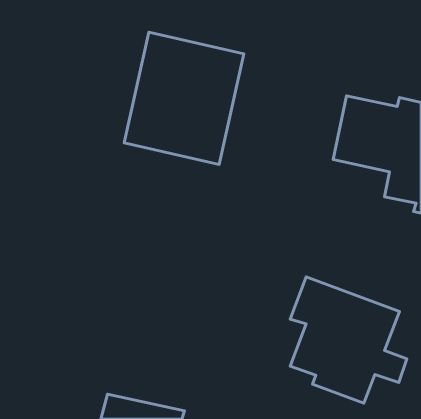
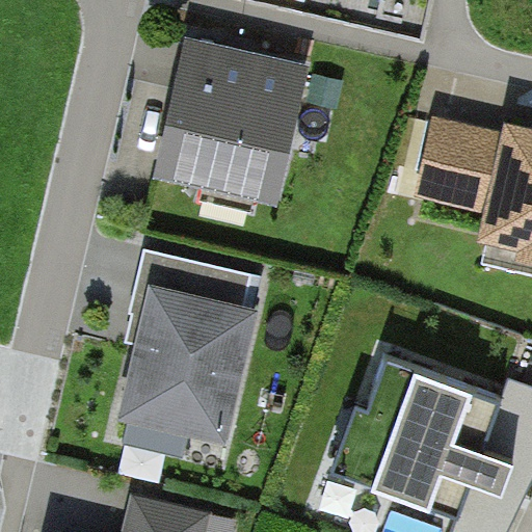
building: none -> [118,255,256,448]

